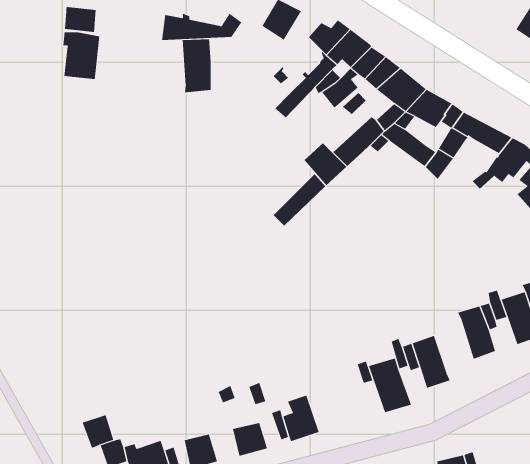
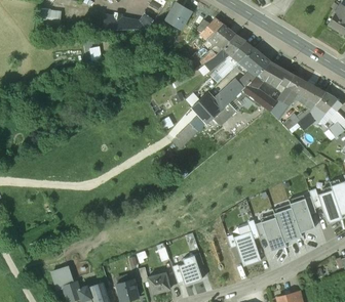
building: [63,32,100,80] -> none
building: [182,39,211,93] -> none
building: none -> [275,207,302,242]

